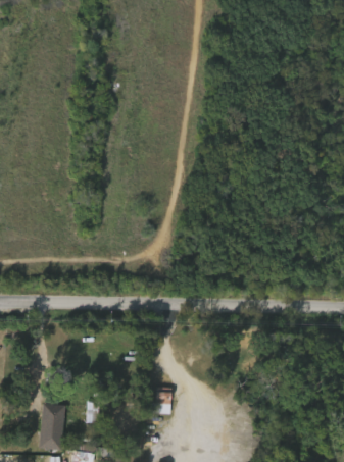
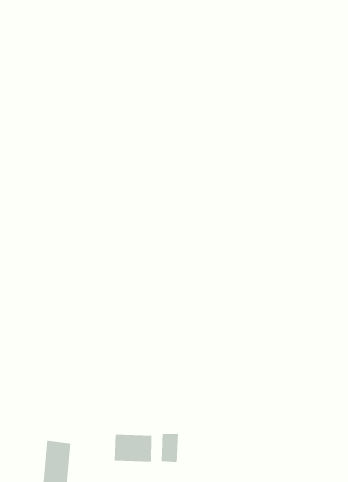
building: none -> [114,434,152,463]

